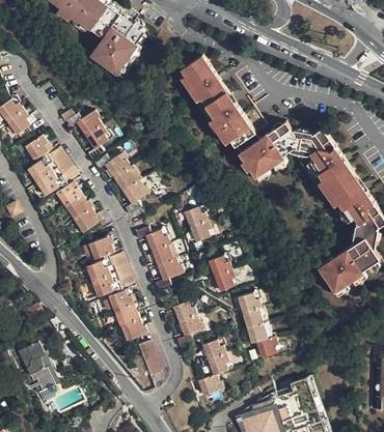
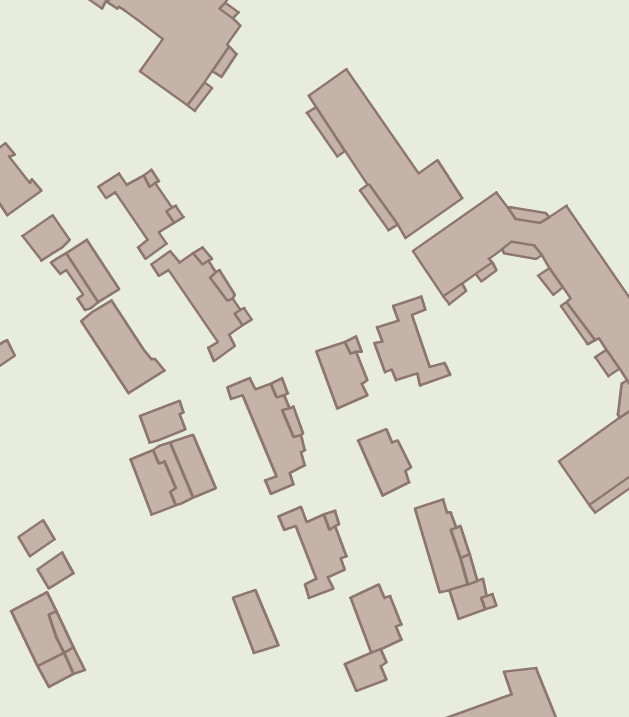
building: [28,161,58,196] -> none
building: none -> [374,296,450,386]
building: [109,289,149,342] -> none

